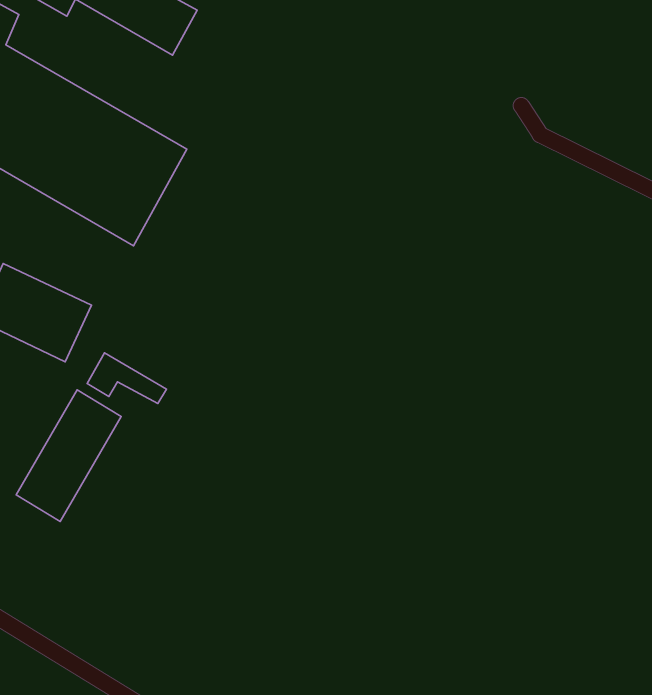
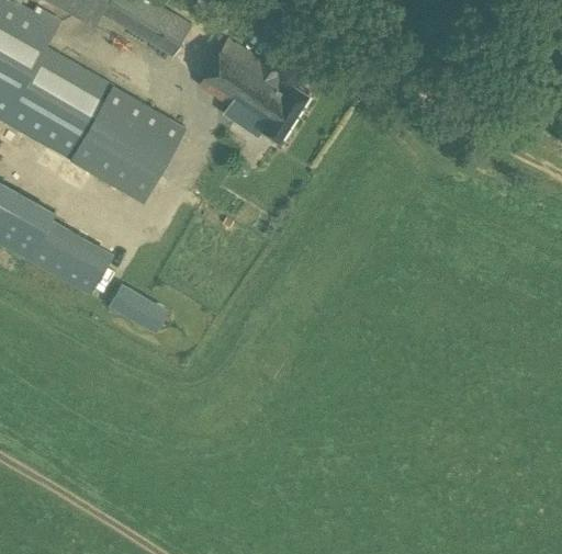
building: none -> [199,39,310,138]
building: [16,390,121,521] -> none

